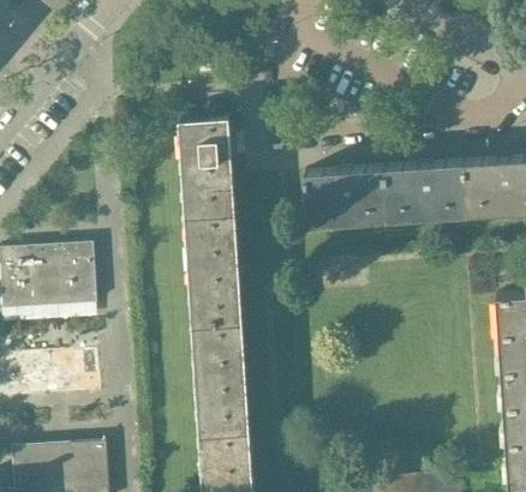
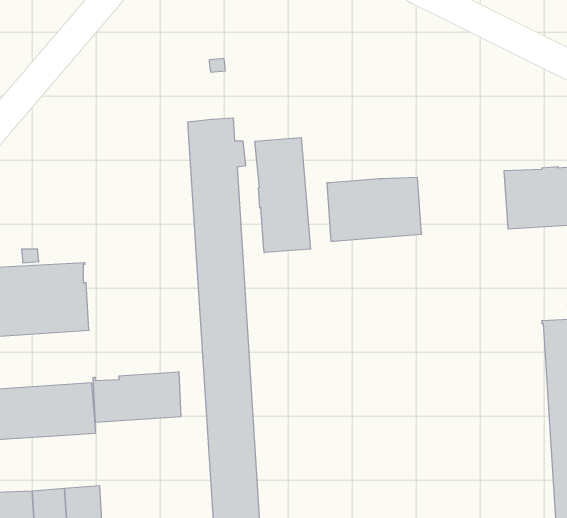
building: none -> [255,138,310,253]
building: [384,162,465,218] -> none
building: none -> [93,372,181,422]

